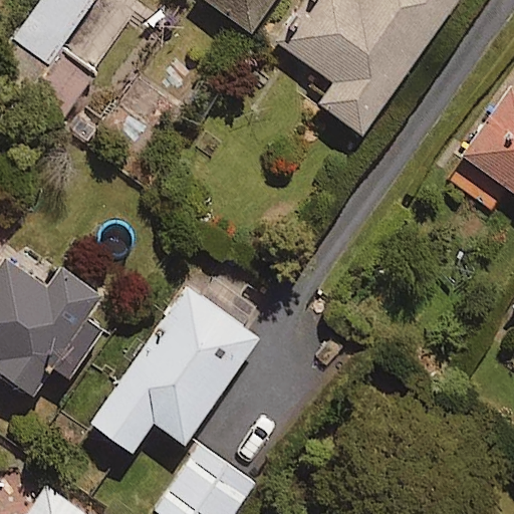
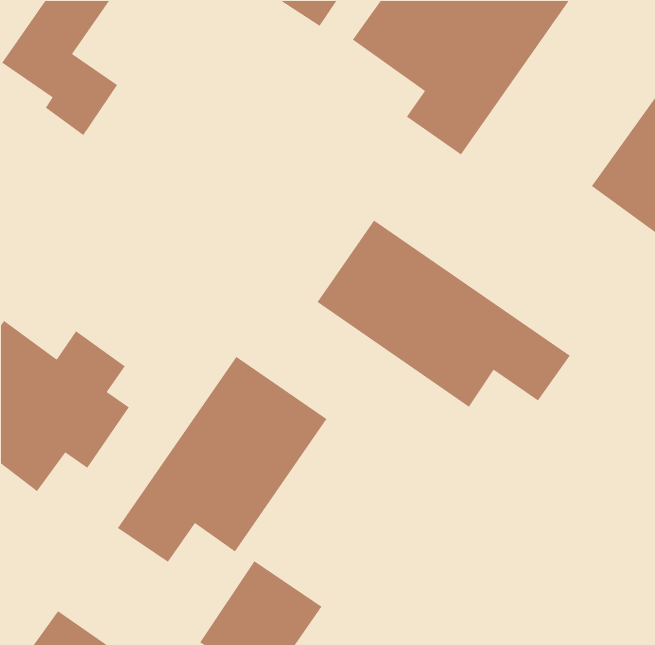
building: none -> [316,219,571,408]

